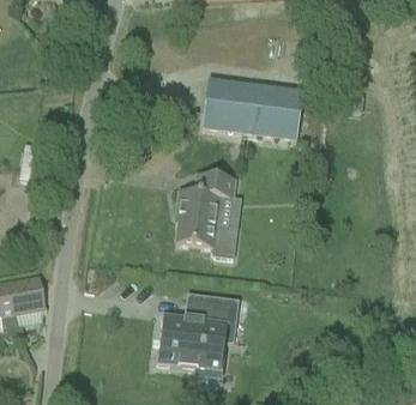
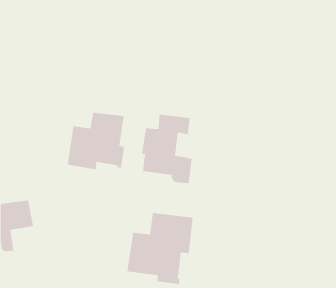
building: [203,77,303,137] -> none
building: none -> [67,112,124,170]

